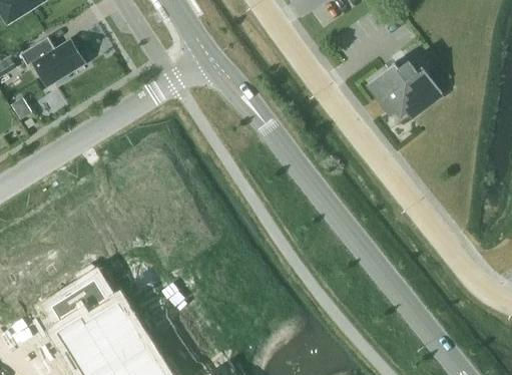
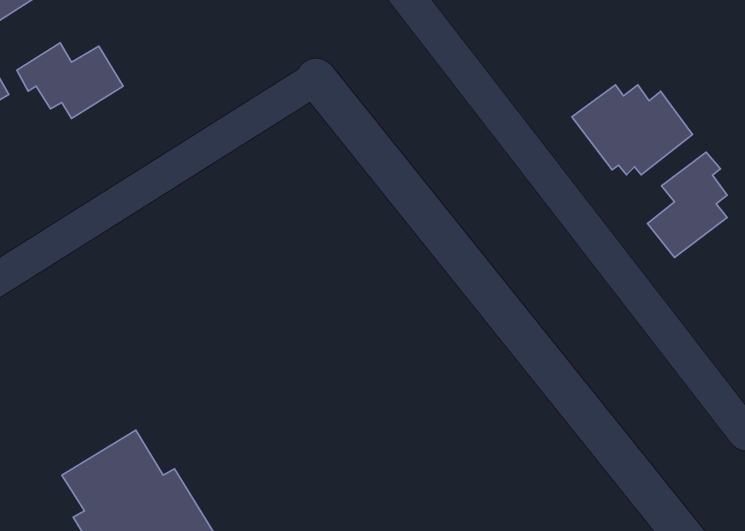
building: none -> [647,152,727,257]

